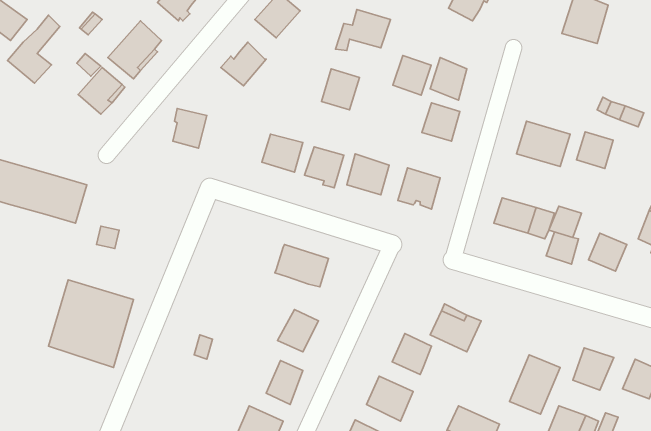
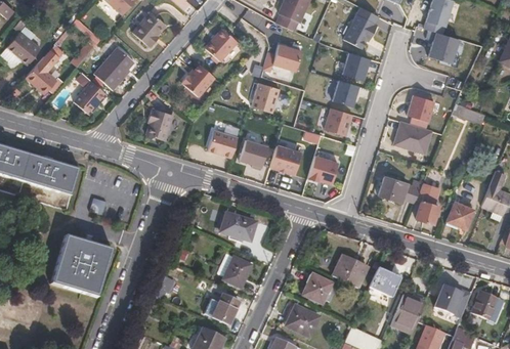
building: [393,55,431,95] -> [342,51,370,80]
building: [577,132,613,168] -> [408,94,434,121]
building: none -> [371,264,400,293]

